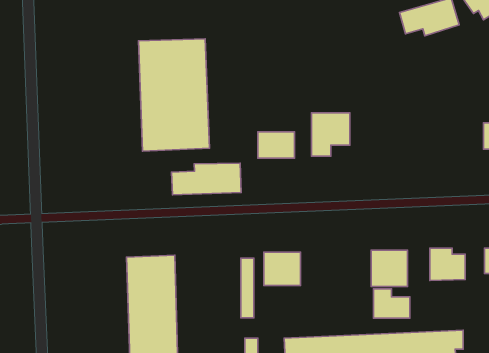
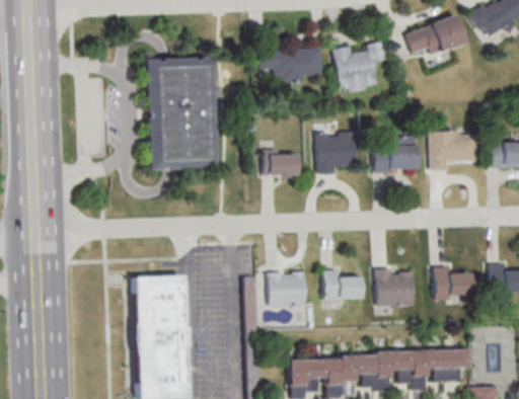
building: none -> [333,42,387,93]
building: none -> [261,49,322,82]
building: none -> [430,131,478,172]
building: none -> [375,137,418,172]
building: [172,163,241,195] -> none
building: [373,289,410,318] -> [325,270,362,300]

